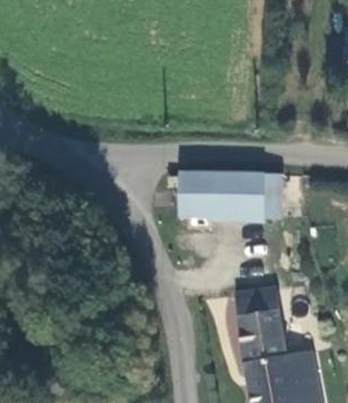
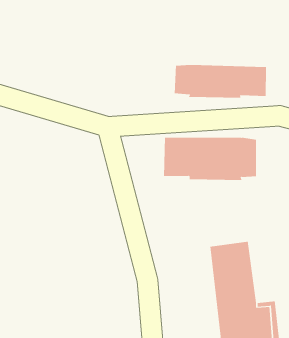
building: none -> [174,64,266,98]

